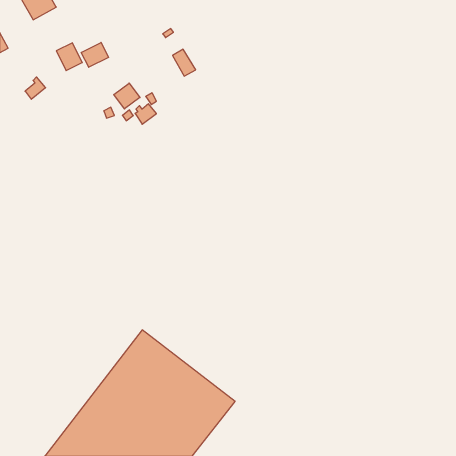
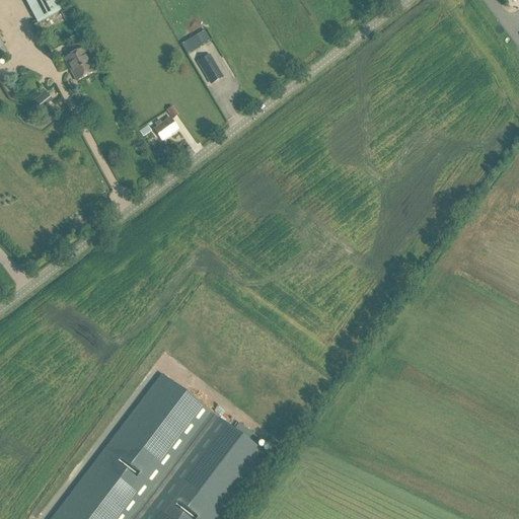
building: [81,42,109,67] -> none
building: [114,83,140,109] -> none

